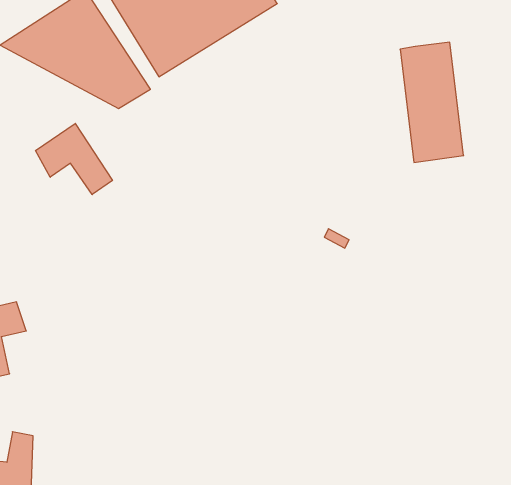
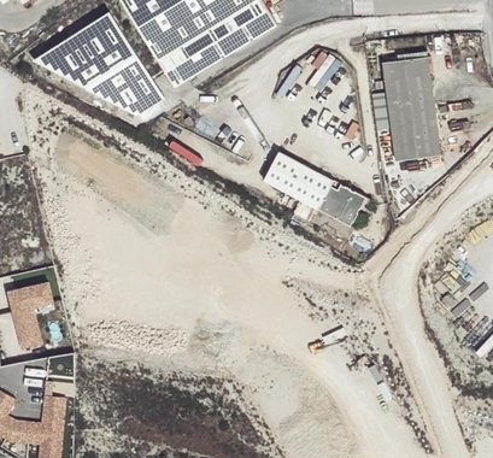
building: [36,123,112,195] -> none
building: none -> [263,152,365,225]

